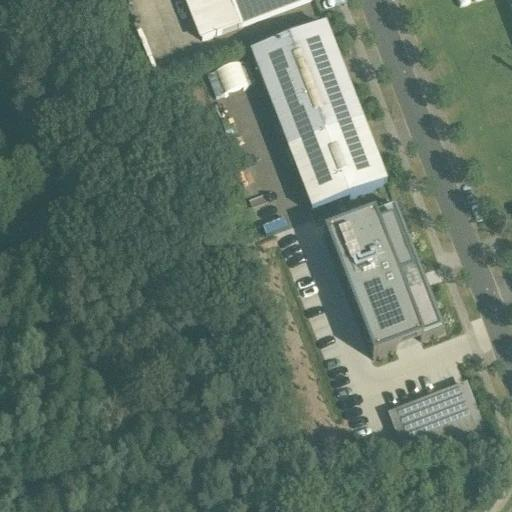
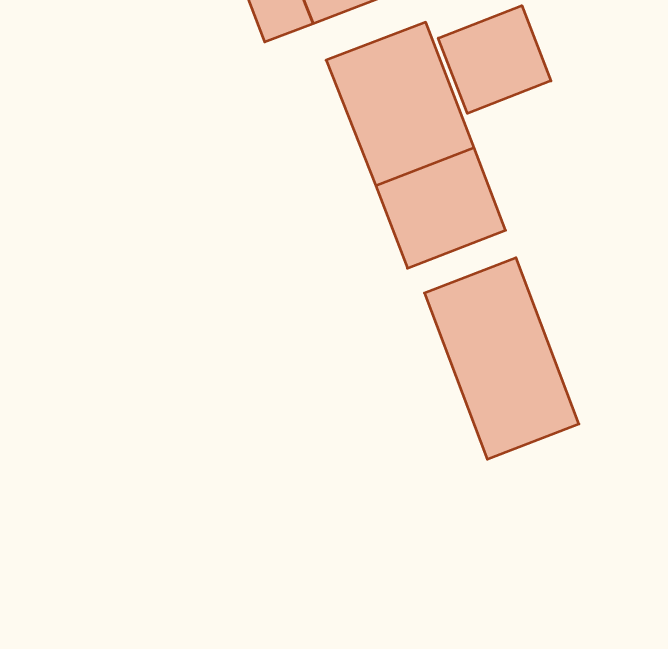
building: none -> [438,6,551,113]
building: [395,379,486,442] -> none

